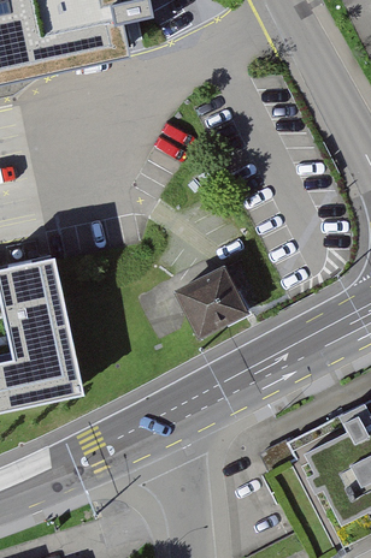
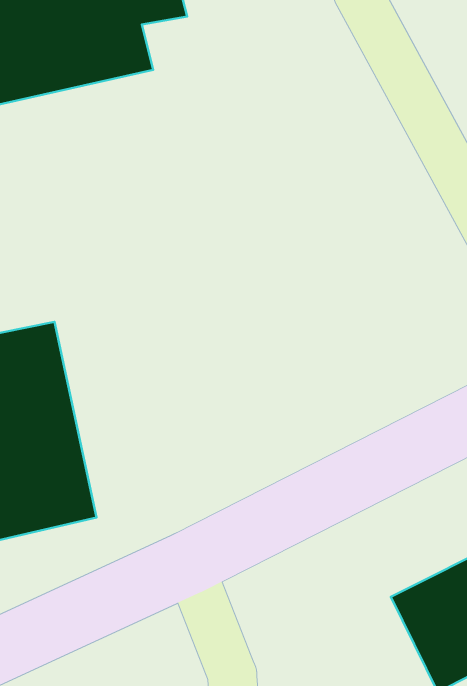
building: [171,268,243,339] -> none

